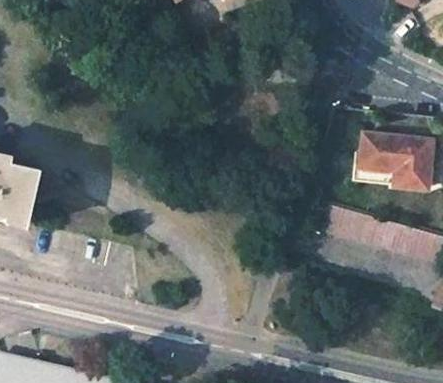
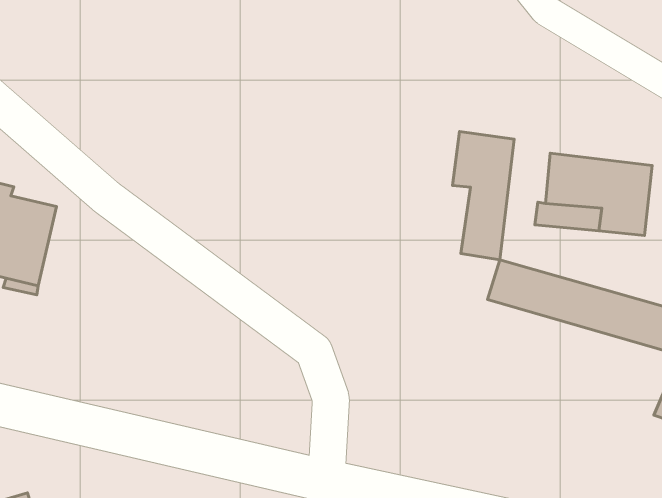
building: none -> [452,132,514,260]

